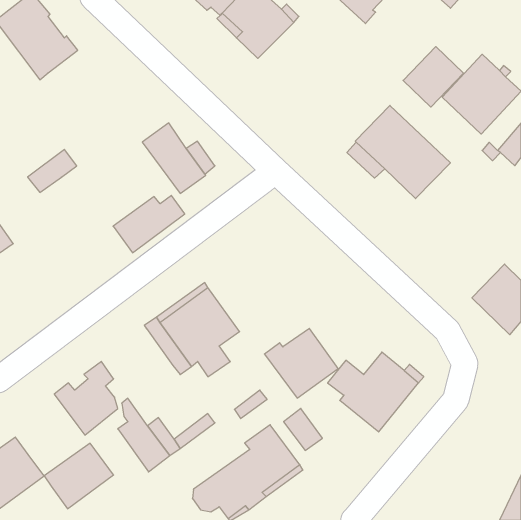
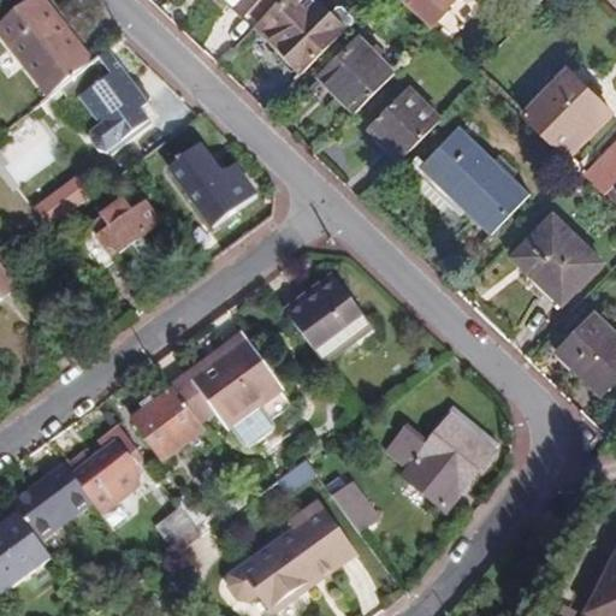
building: none -> [316,34,392,111]
building: none -> [57,48,150,153]
building: [403,47,463,107] -> [368,84,439,155]
building: none -> [510,211,603,303]
building: [113,195,185,253] -> [76,200,160,267]
building: [264,328,338,398] -> [284,280,371,362]
building: none -> [131,386,203,460]
building: [44,443,114,509] -> [10,463,91,540]

